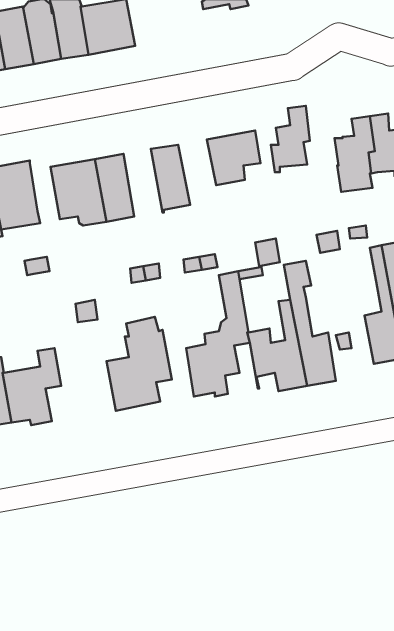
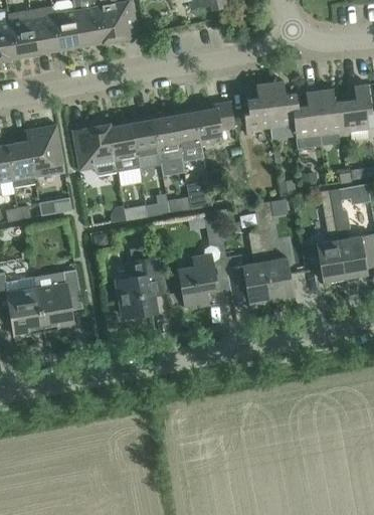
building: none -> [268,80,299,129]
building: none -> [172,109,203,161]
building: none -> [130,116,160,169]

